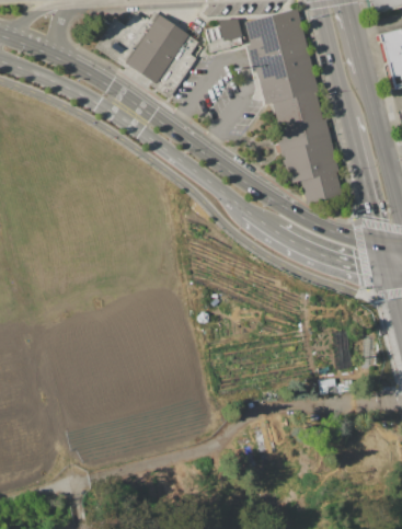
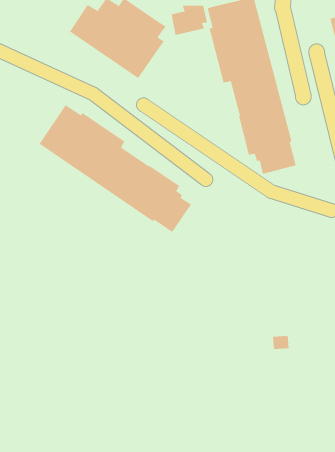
building: none -> [39,104,192,233]

